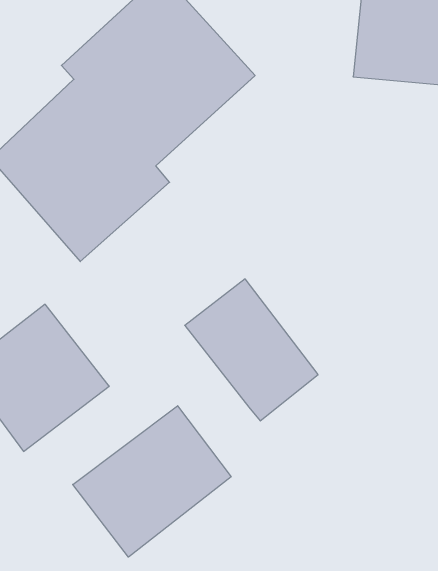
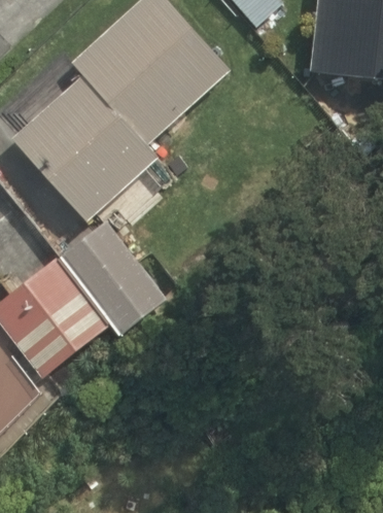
building: [185,279,318,421] -> [57,219,166,336]
building: [73,406,231,557] -> none

